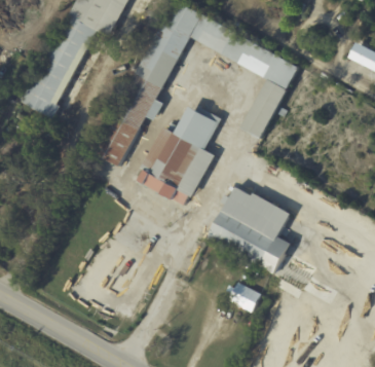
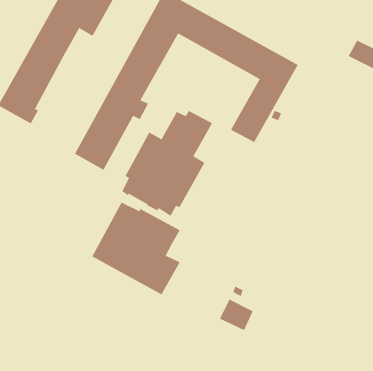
building: [208,187,291,274] -> [92,202,181,295]

